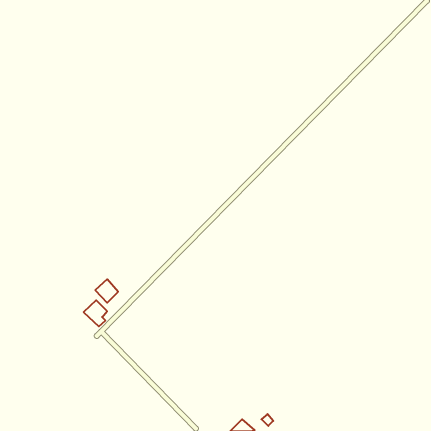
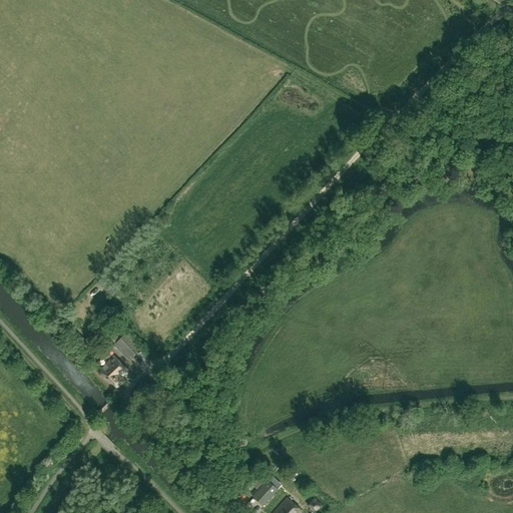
building: none -> [251,479,279,506]

